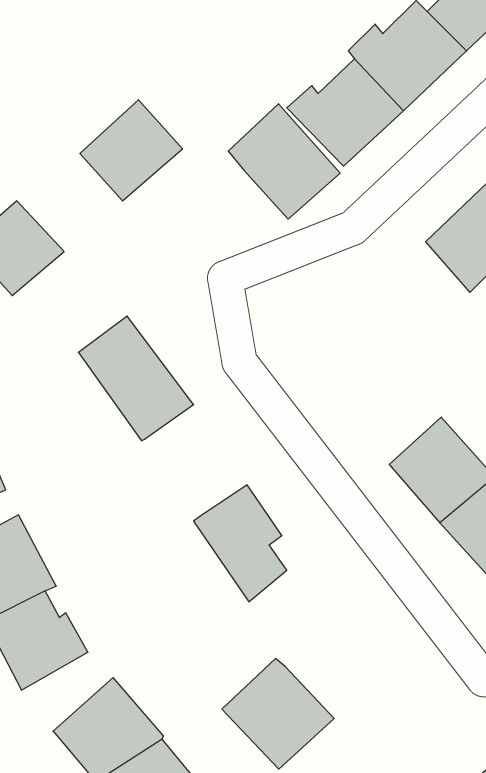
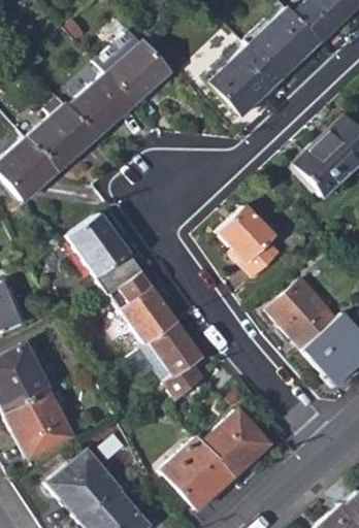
building: [228,104,340,219] -> [96,29,169,104]
building: none -> [27,98,96,171]
building: none -> [220,208,280,277]
building: none -> [110,271,177,344]
building: none -> [202,410,270,476]

